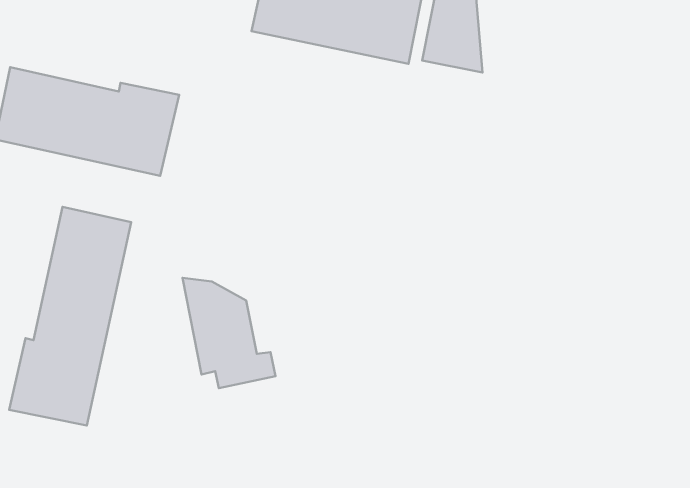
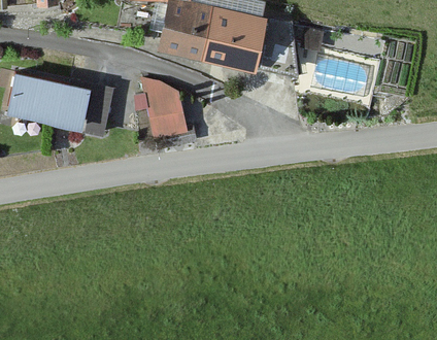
building: [9,207,131,425] -> none
building: [183,278,276,388] -> [142,82,198,148]

